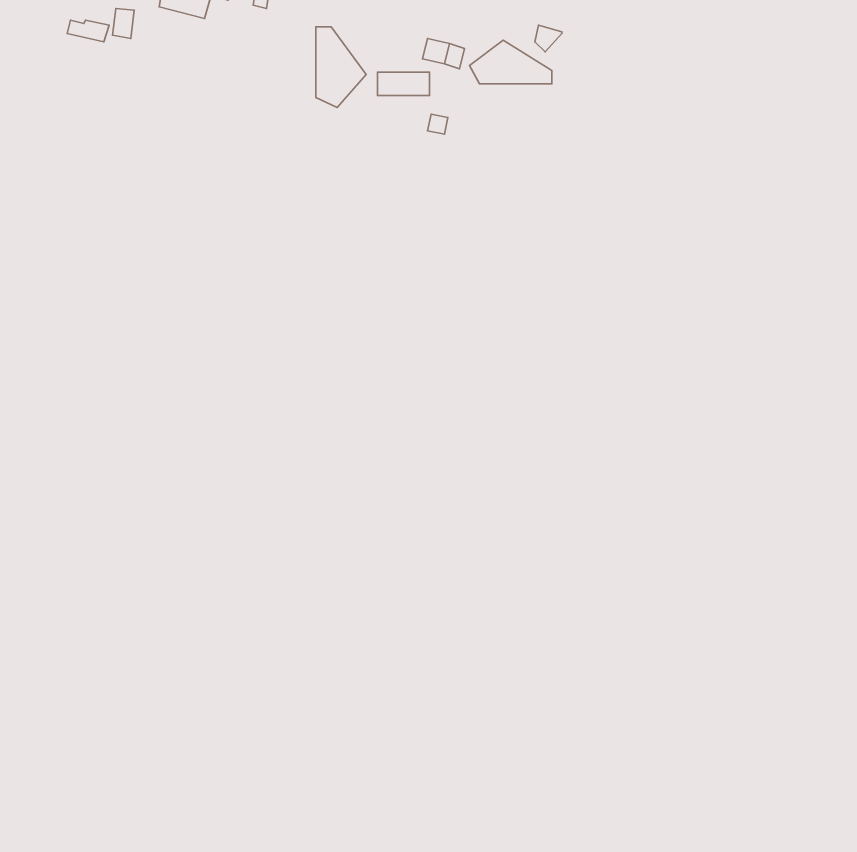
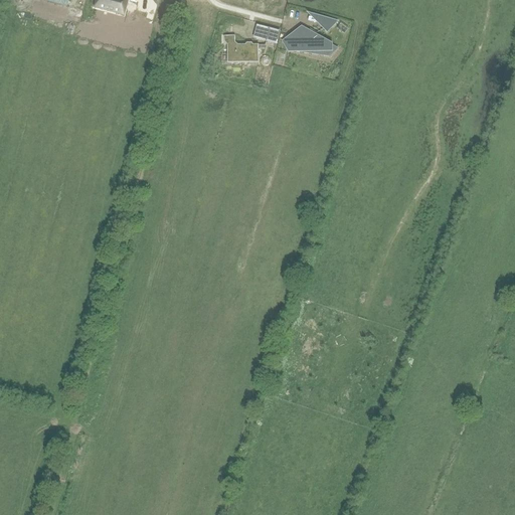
building: [316,27,366,108] -> none

